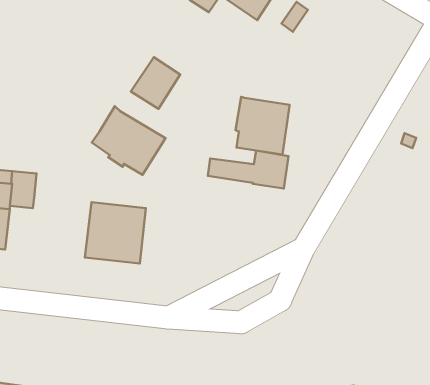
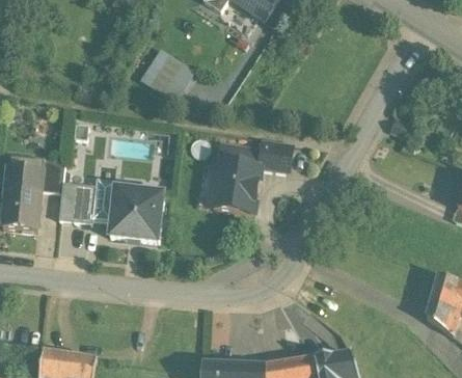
building: [235,97,289,154] -> [211,160,260,212]
building: [92,106,166,175] -> none
building: none -> [58,181,96,221]

